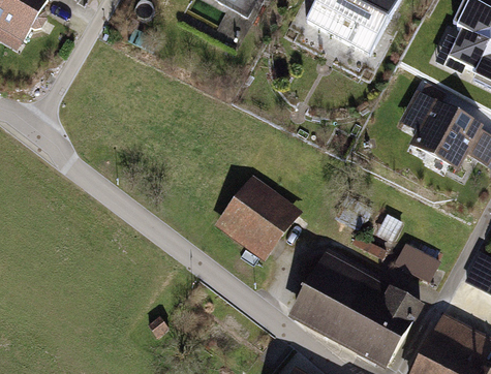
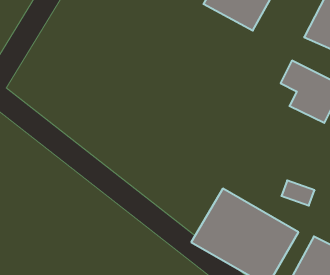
building: [207,169,294,254] -> none

